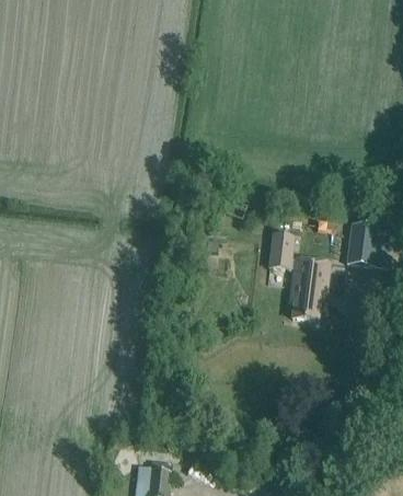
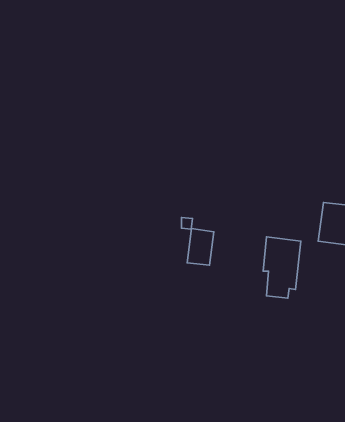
building: [266,231,293,268] -> [187,229,214,265]

